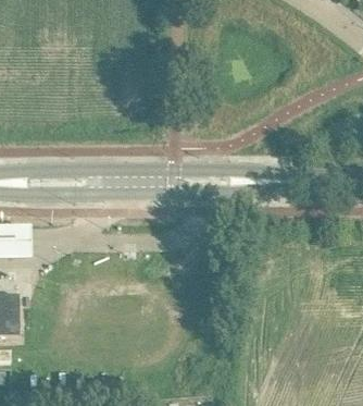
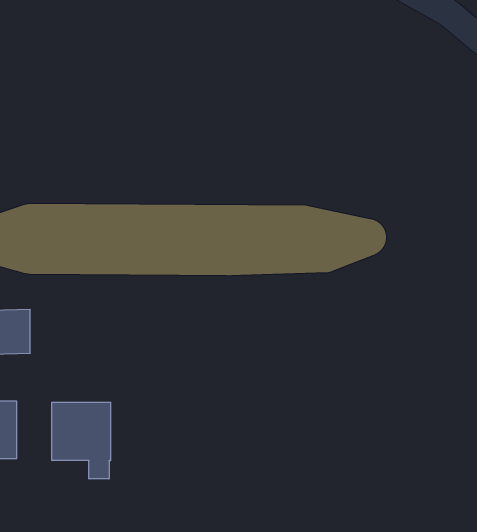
building: none -> [52,402,111,479]

